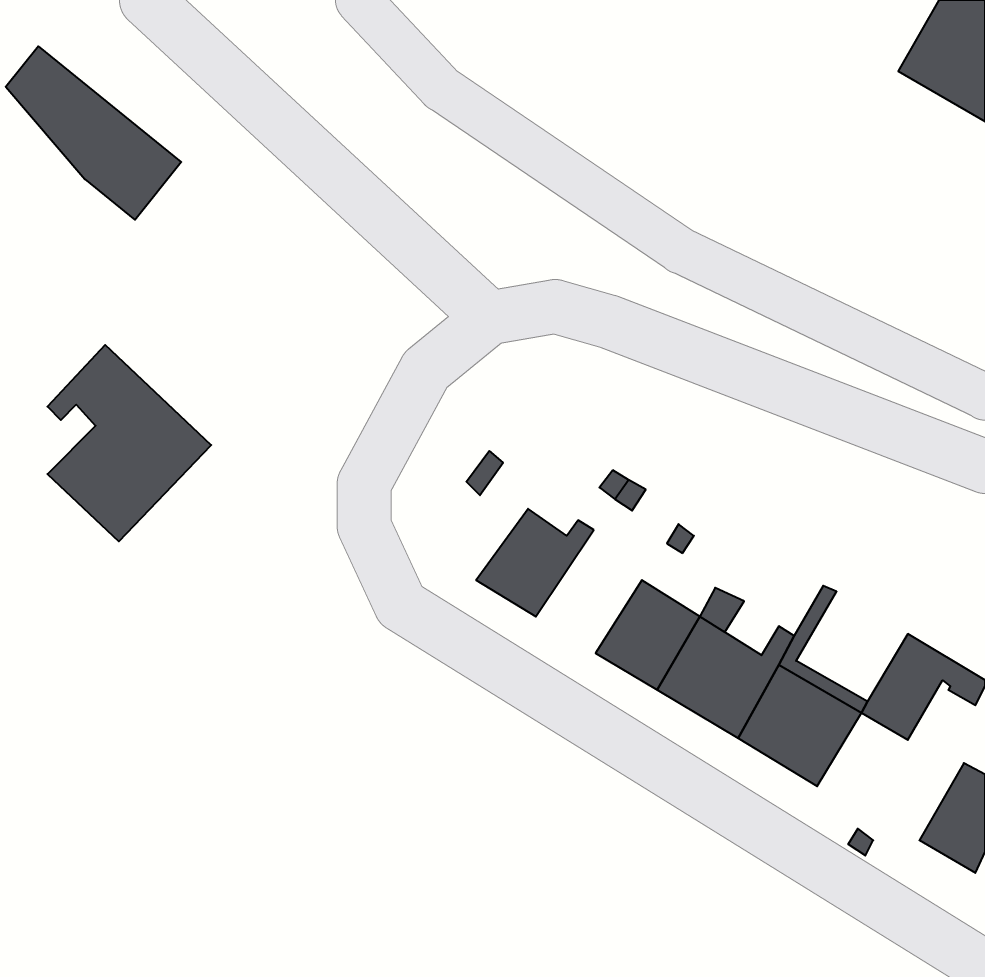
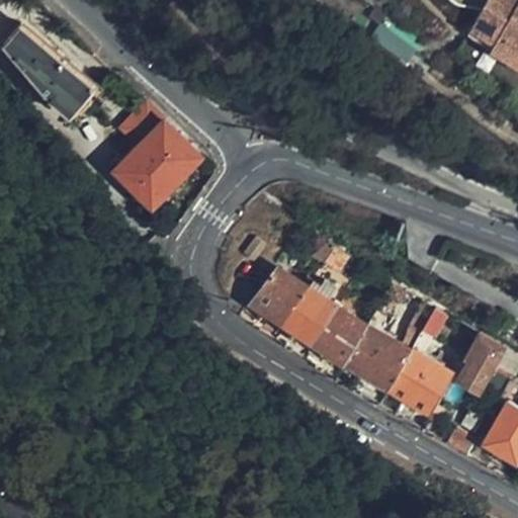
building: [47,345,211,541] -> [114,107,200,210]
building: none -> [281,280,337,347]

